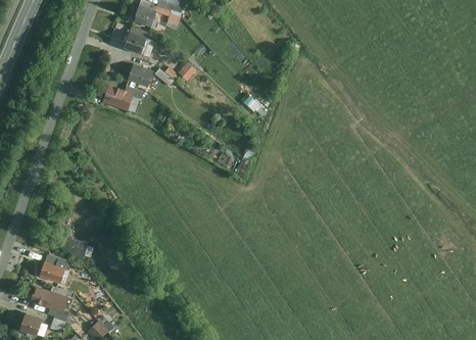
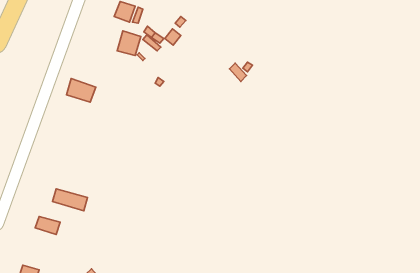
building: [102,84,134,109] -> [66,78,96,102]
building: [30,286,67,311] -> none

